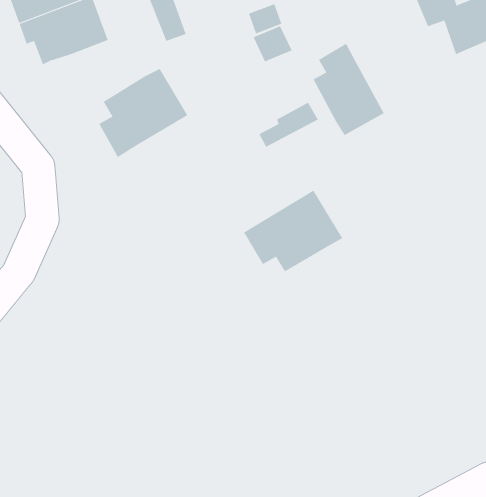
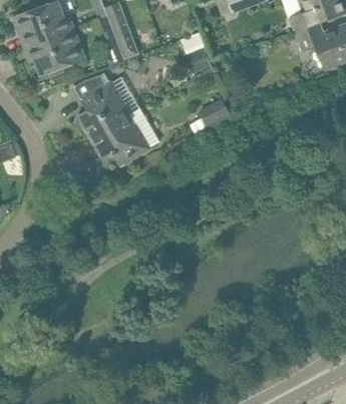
building: [313,43,385,136] -> none
building: [243,190,343,272] -> [90,109,158,165]

